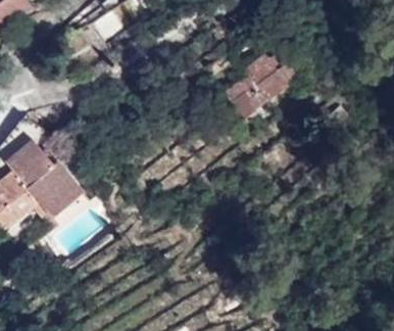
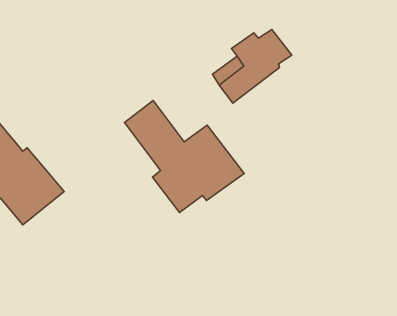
building: none -> [125,100,244,212]

